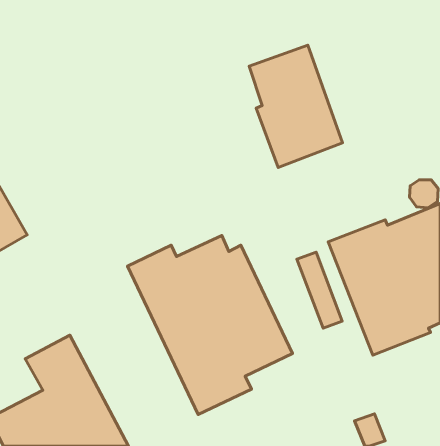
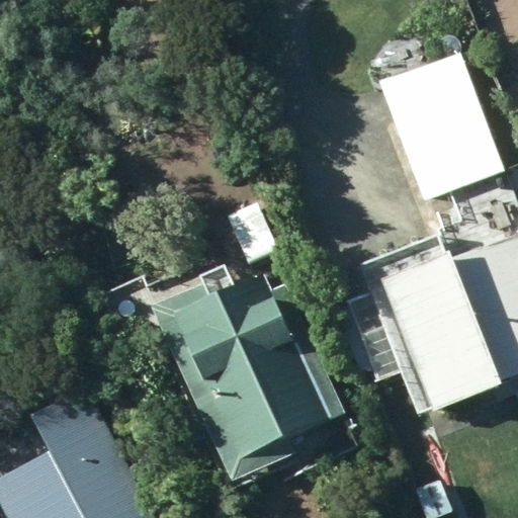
building: [249,45,343,167] -> [387,59,496,200]

